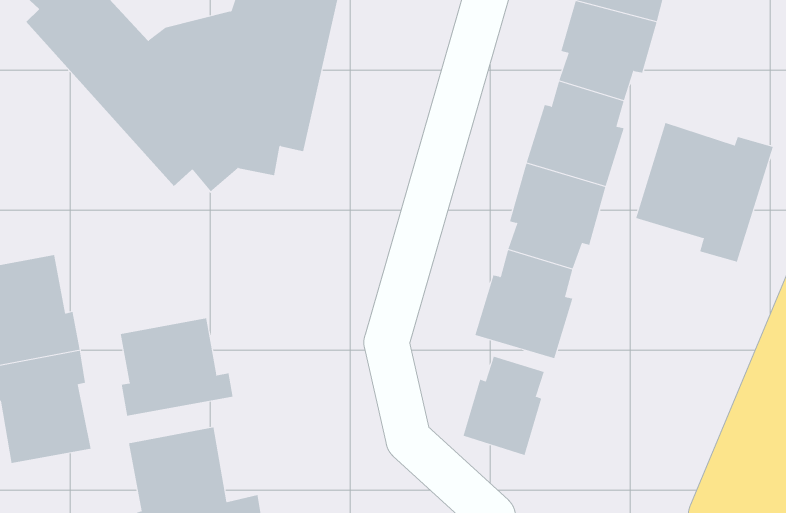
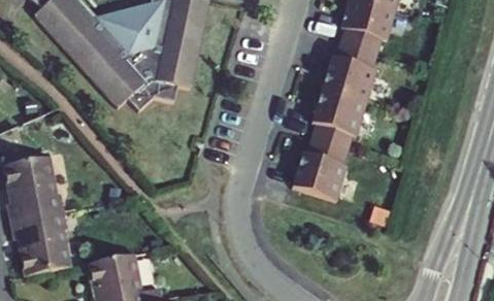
building: [636,122,773,262] -> none
building: [120,318,233,417] -> none
building: [463,356,544,456] -> none

